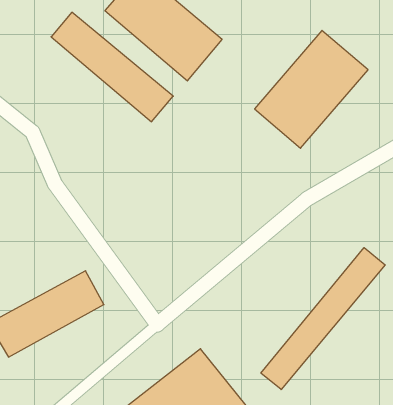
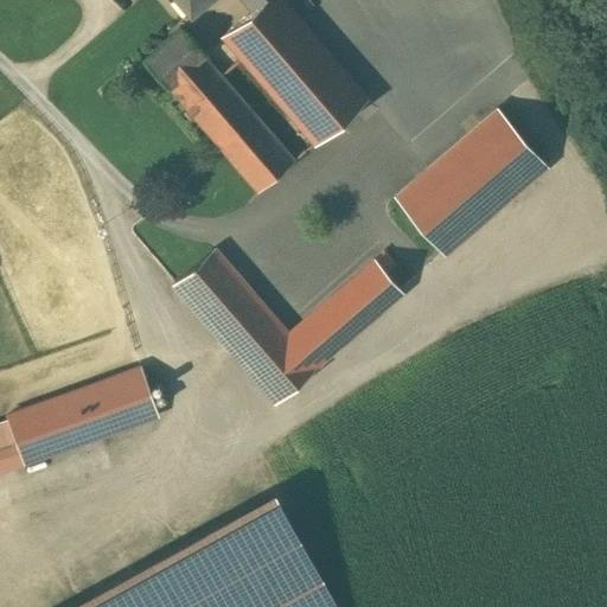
building: none -> [175,251,402,402]
building: [261,248,385,390] -> none

